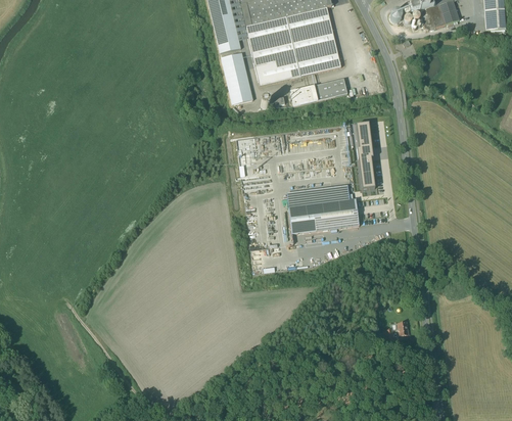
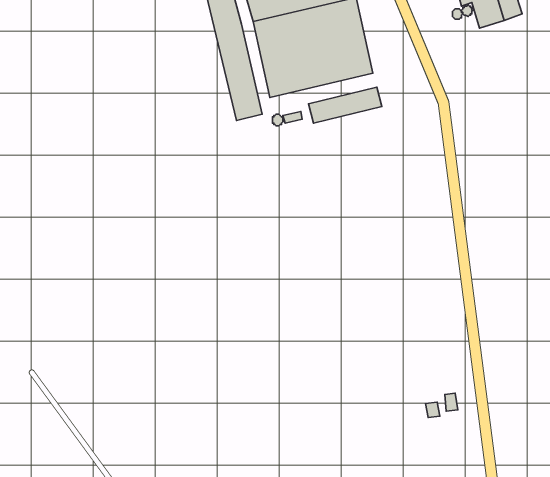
building: [355,123,374,189] -> none
building: [285,184,359,232] -> none

